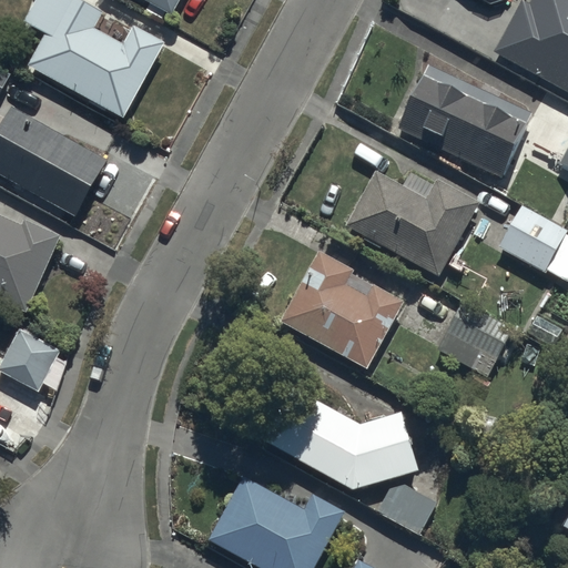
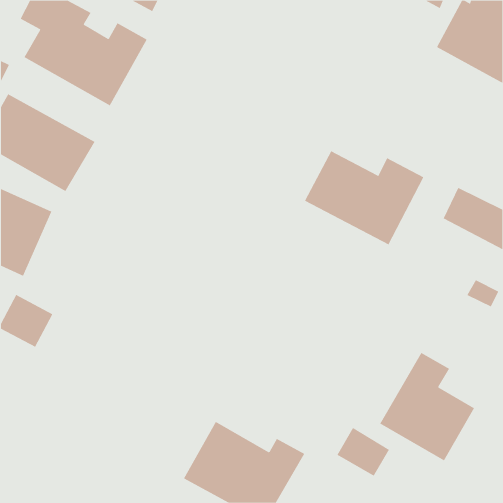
building: [398,64,531,176] -> none
building: [278,250,405,367] -> none
building: [436,302,514,377] -> none
building: [251,379,419,489] -> none
building: none -> [380,352,475,461]

